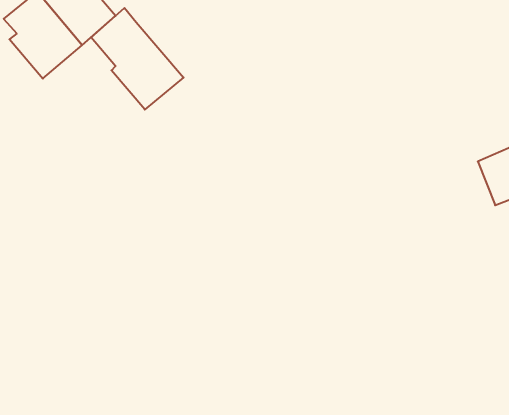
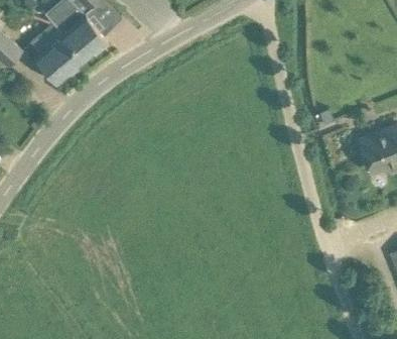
building: [91,8,184,110] -> none

